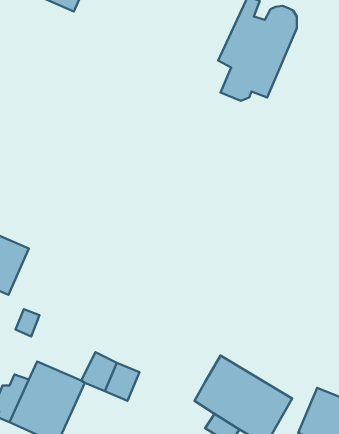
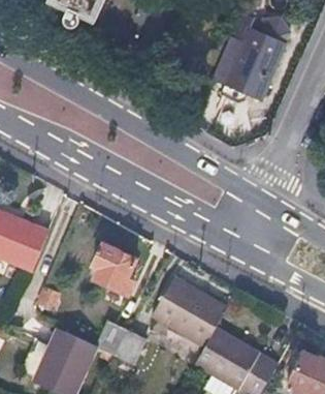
building: none -> [88,245,136,296]
building: none -> [155,278,227,346]

